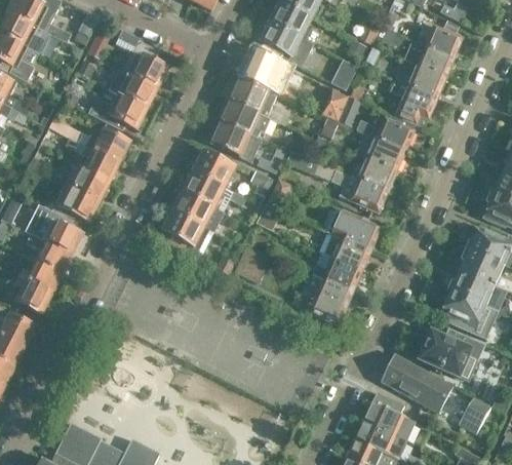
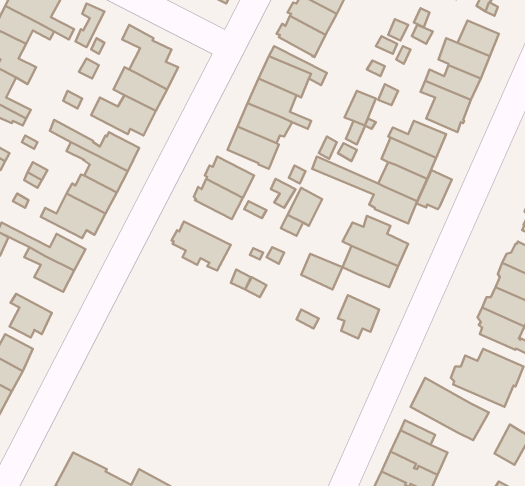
building: none -> [416,170,452,209]
building: [170,190,223,230] -> none
building: [322,258,360,290] -> [301,254,342,290]
building: [17,261,61,294] -> none

